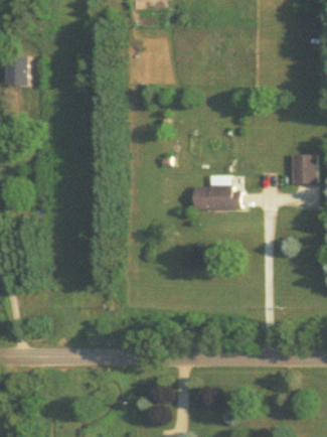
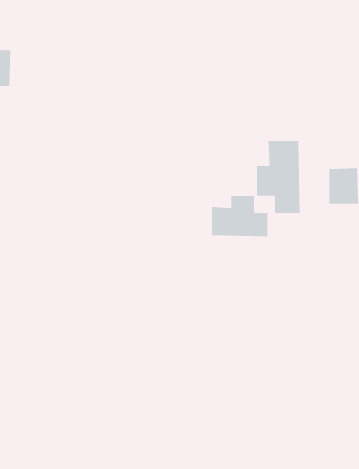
building: none -> [256,140,300,214]

